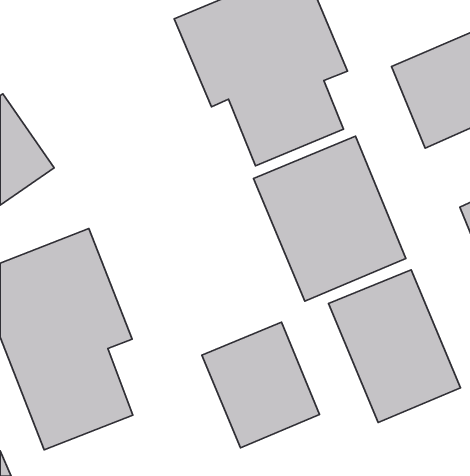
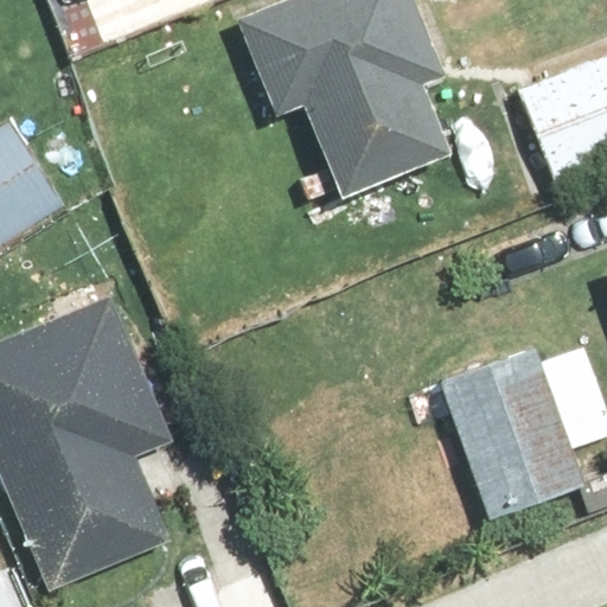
building: [254,136,406,301] -> none
building: [202,322,320,448] -> none

